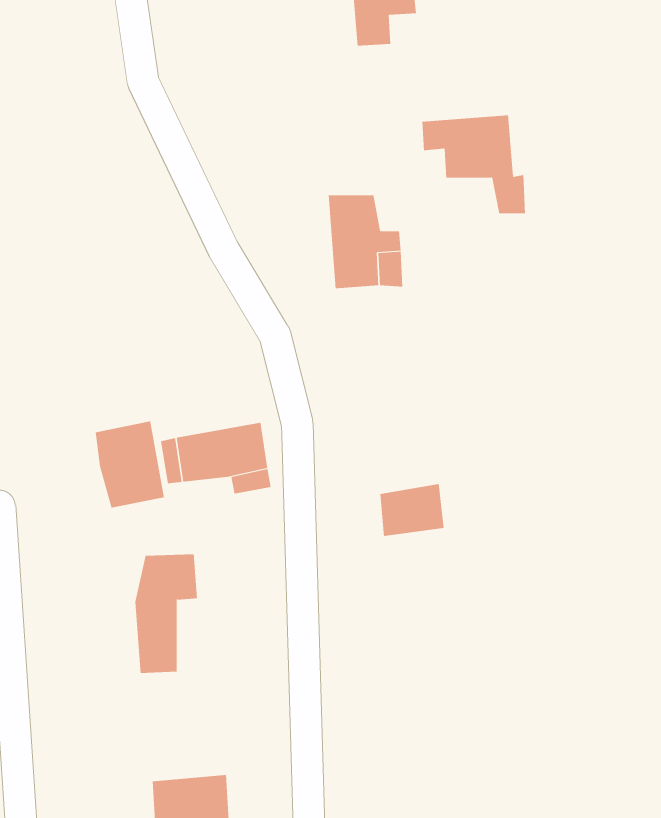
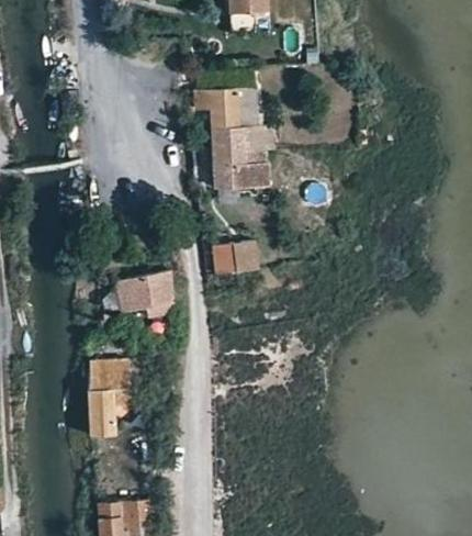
building: [421,115,526,214] -> [196,87,263,150]
building: [95,421,165,508] -> none
building: [380,484,445,537] -> [215,241,257,275]

